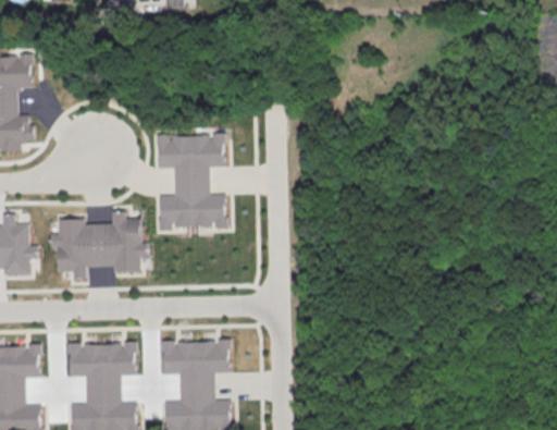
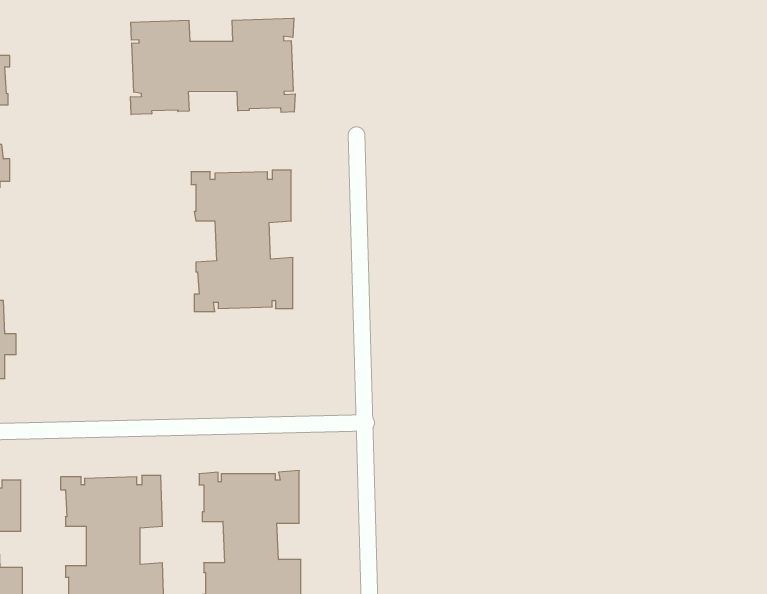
building: none -> [130,18,295,115]
building: [51,211,147,279] -> none

